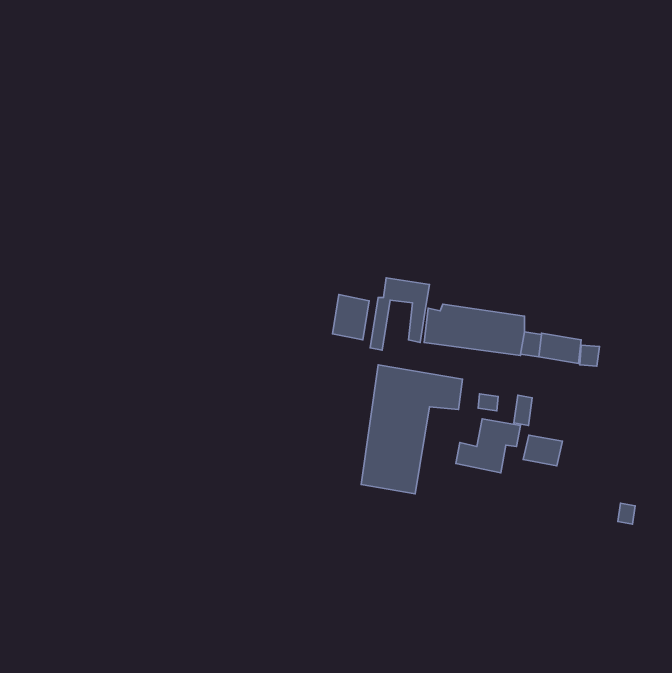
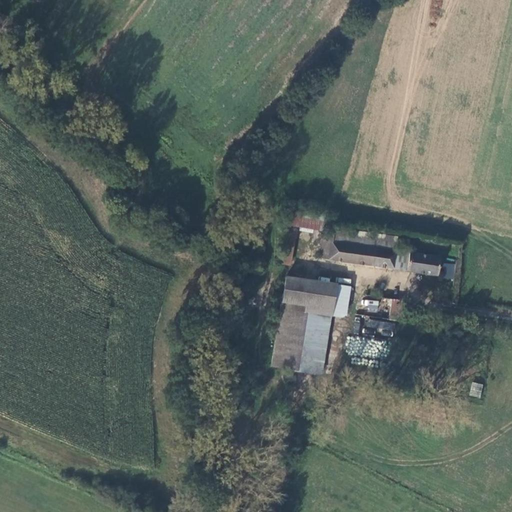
building: [333,295,369,340] -> none
building: [523,435,562,466] -> none

